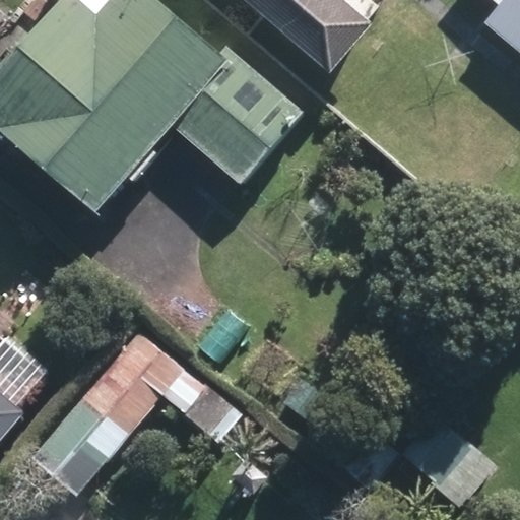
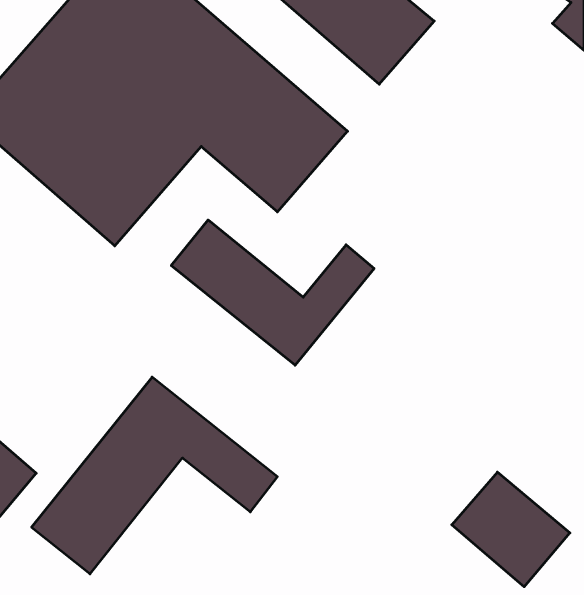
building: none -> [171,220,374,365]

